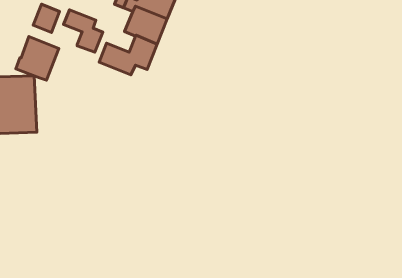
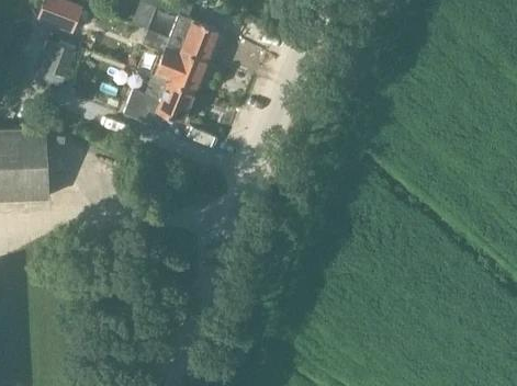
building: [64,10,103,52] -> none
building: [16,36,59,80] -> none

